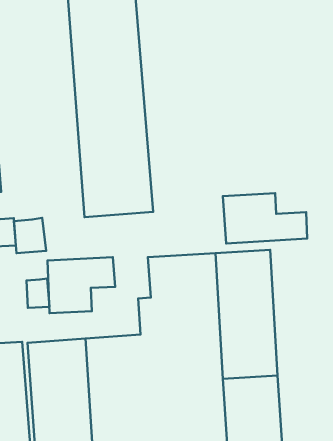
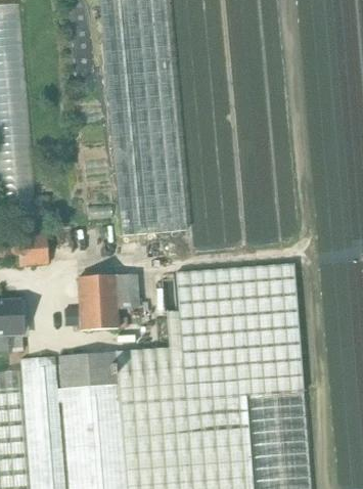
building: [223,193,307,243] -> none
building: [14,218,46,253] -> none
building: [27,278,49,308] -> none

